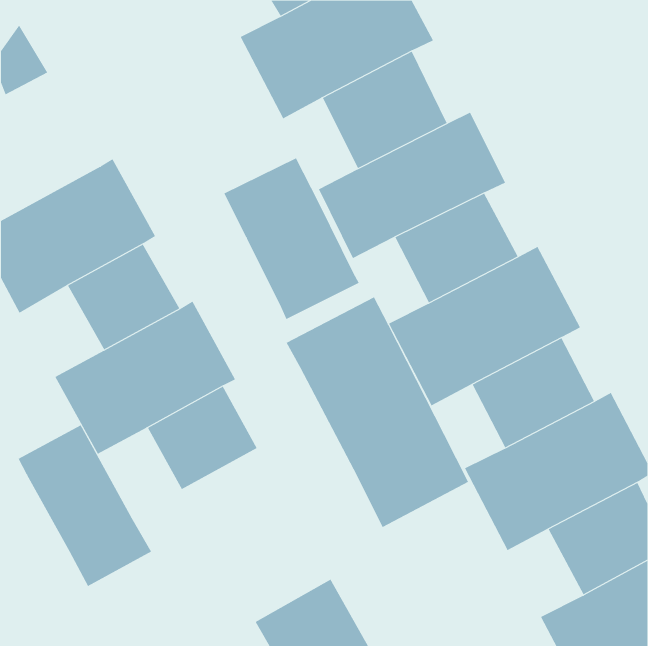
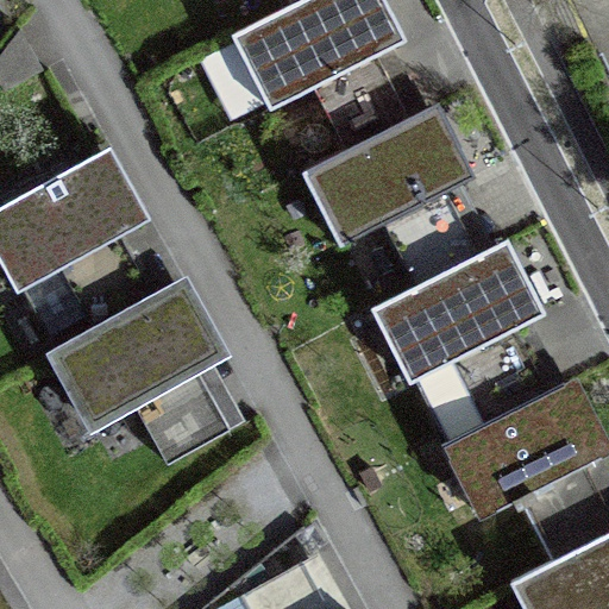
building: [223,157,360,320] -> none
building: [286,297,469,528] -> none
building: [18,424,152,587] -> none

